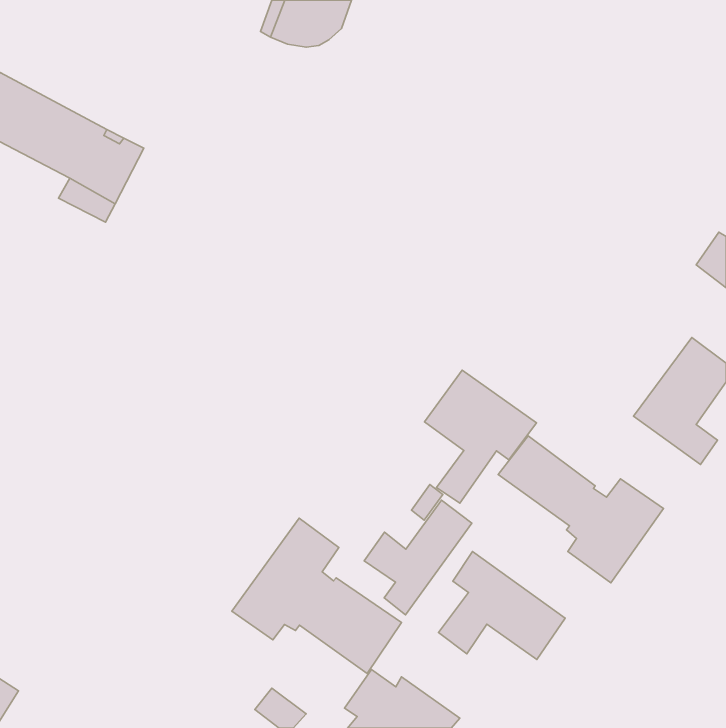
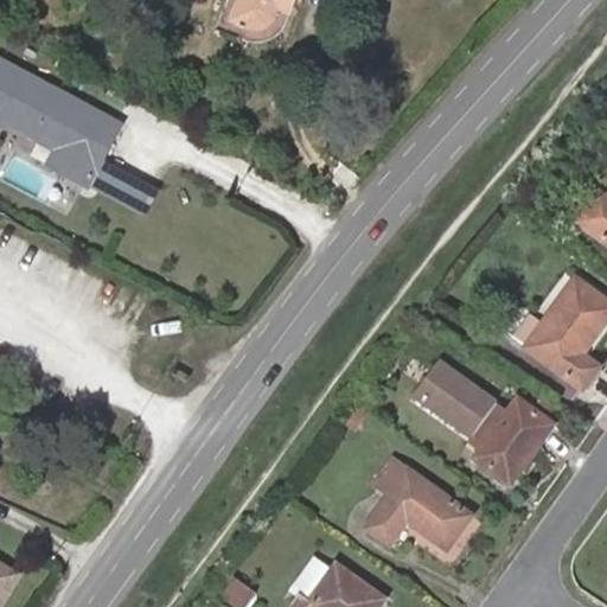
building: [424,370,536,503] -> none
building: [364,500,472,615] -> none
building: [232,518,402,673] -> none

